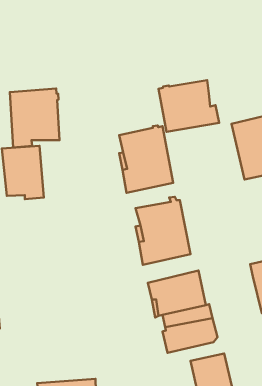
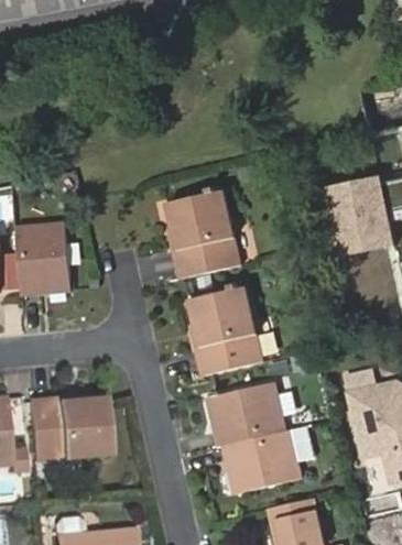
building: [158,80,219,132] -> none
building: [10,89,60,148] -> none
building: none -> [28,396,108,462]

